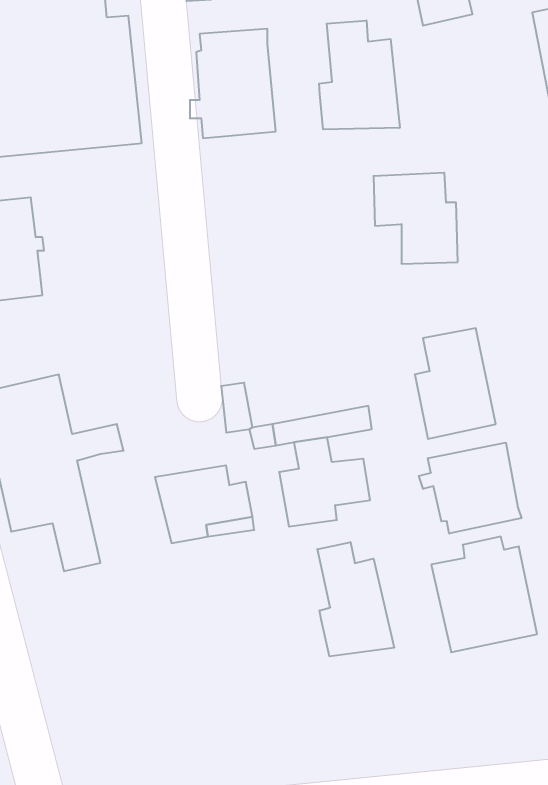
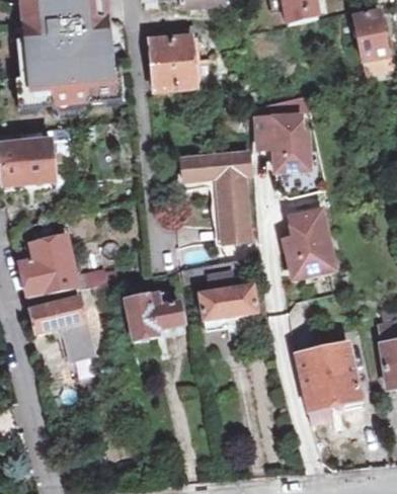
building: [319,20,400,129] -> none
building: none -> [181,152,247,243]
building: [419,443,521,534] -> none
building: [317,542,394,656] -> none

